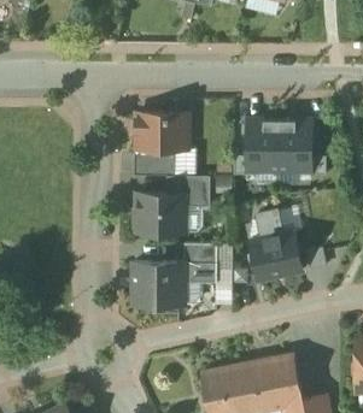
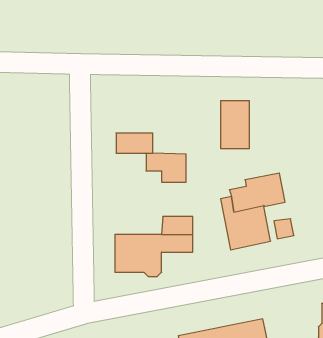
building: [135,114,188,154] -> none
building: [279,119,311,171] -> none
building: [134,194,183,232] -> none

